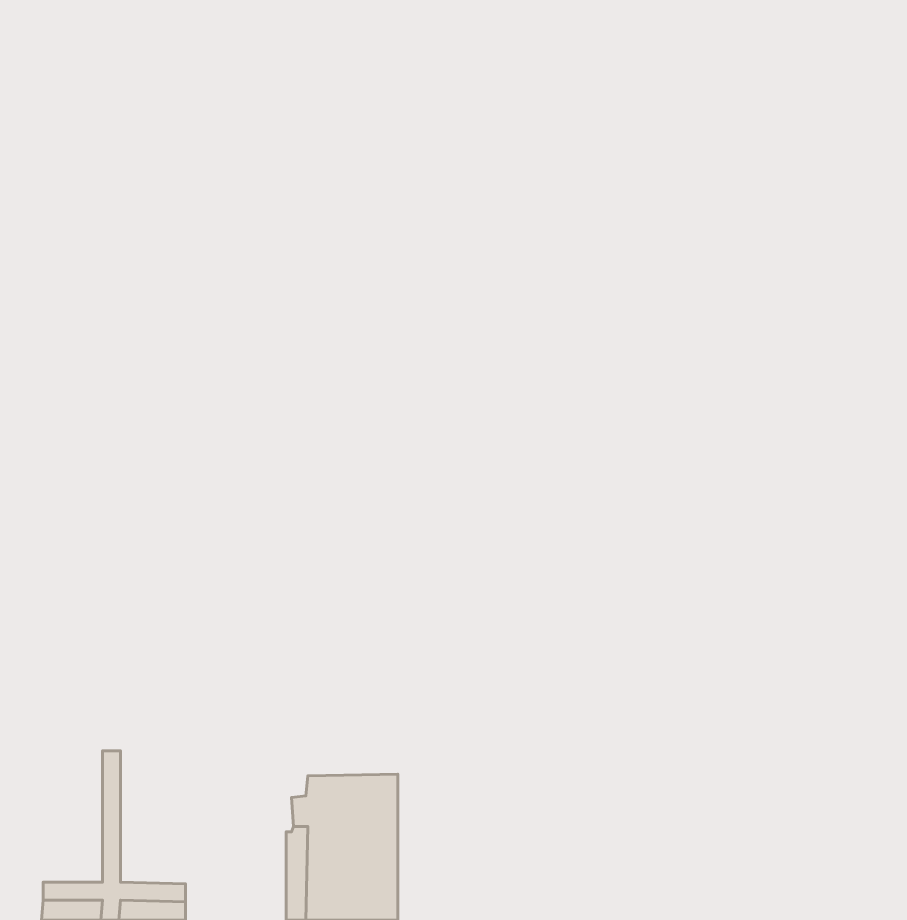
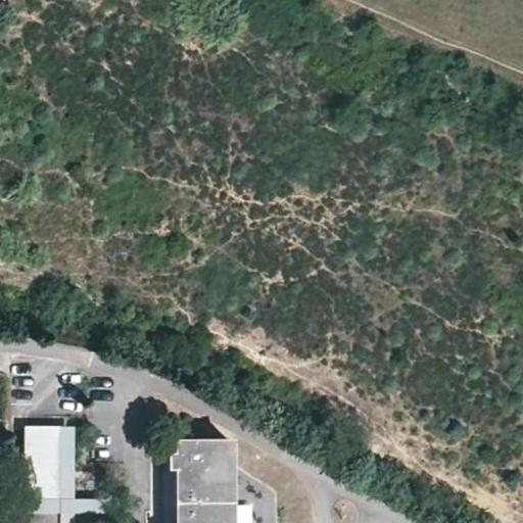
building: none -> [25,426,65,501]

